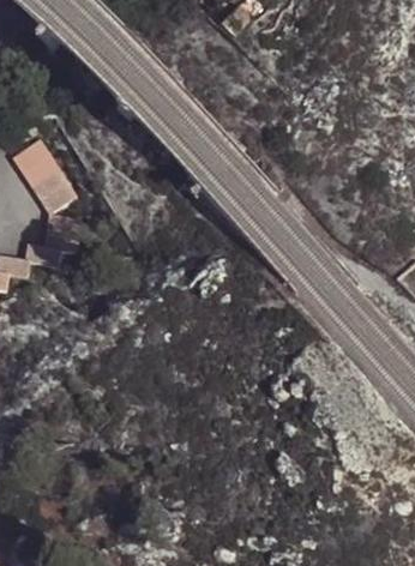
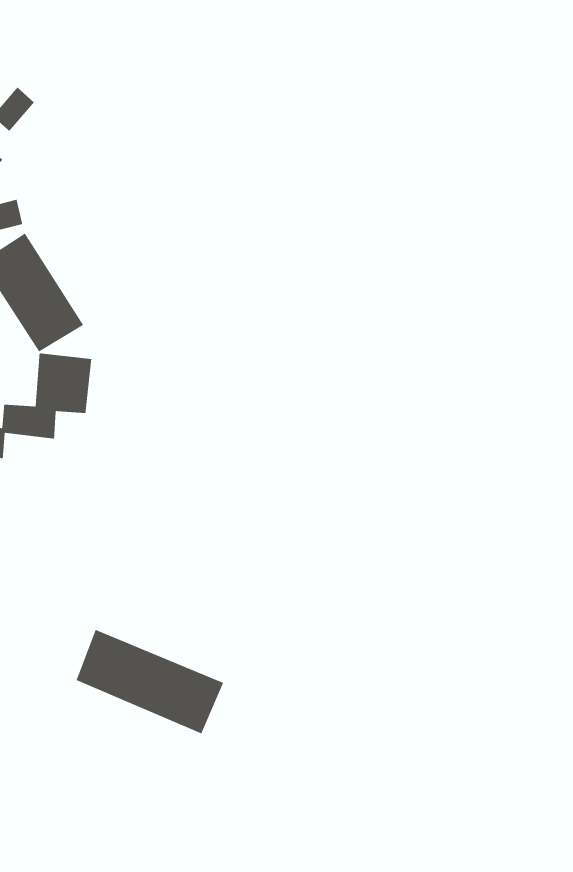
building: none -> [75,629,224,734]

